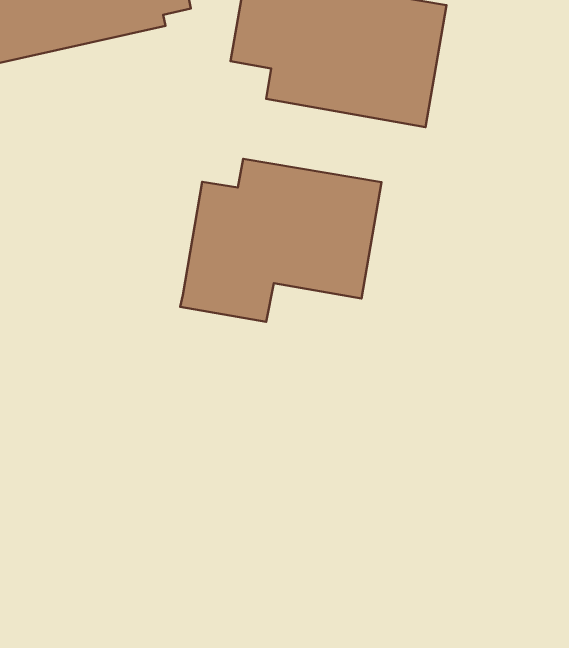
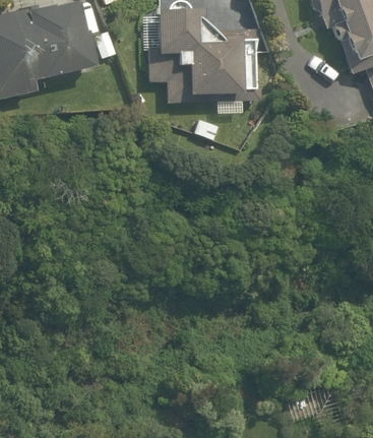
building: [180,159,382,322] -> none

